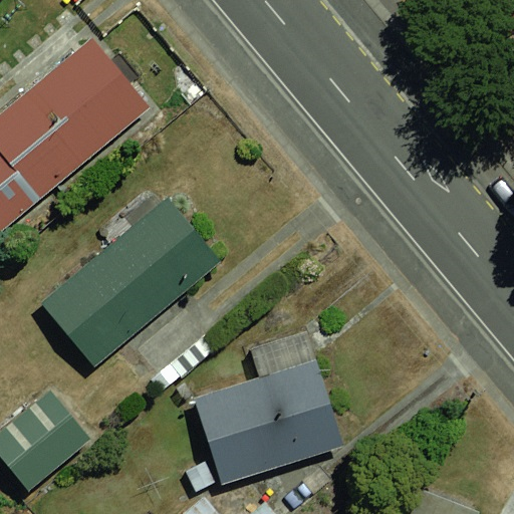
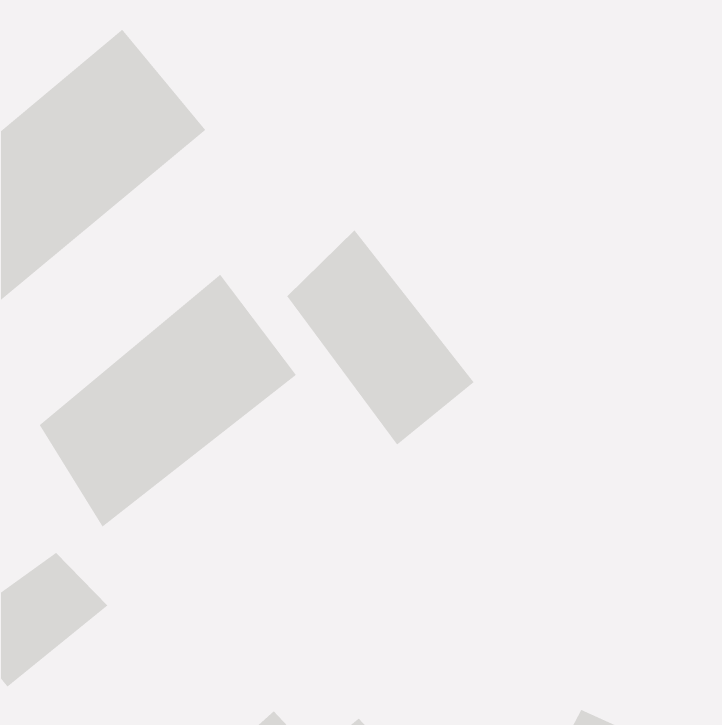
building: none -> [287,230,475,446]
building: [186,363,349,492] -> none

